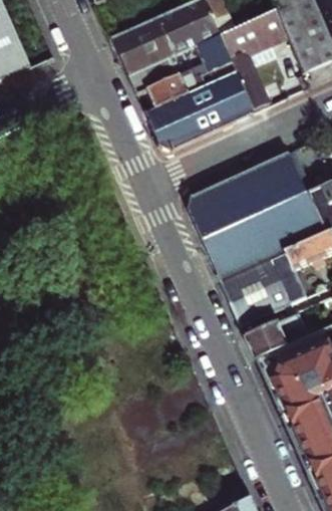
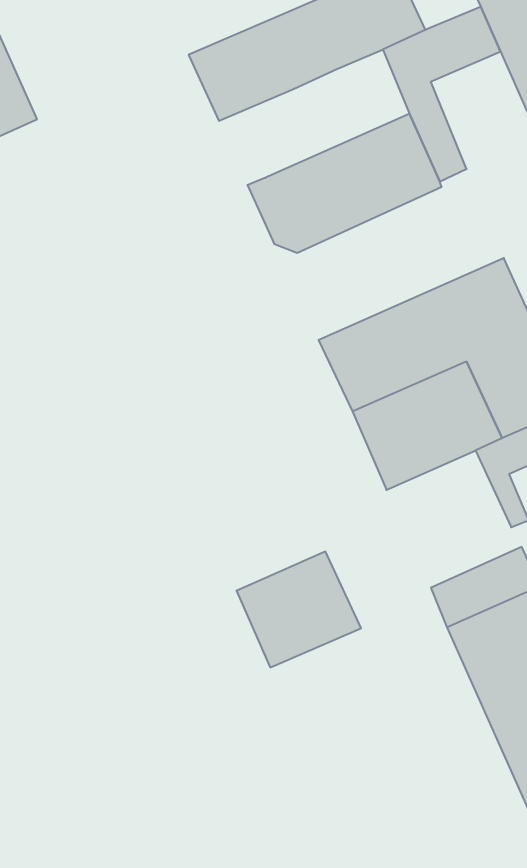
building: [127,32,235,104] -> none
building: [222,258,292,323] -> [236,552,361,667]

